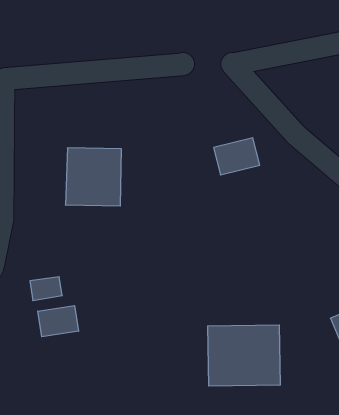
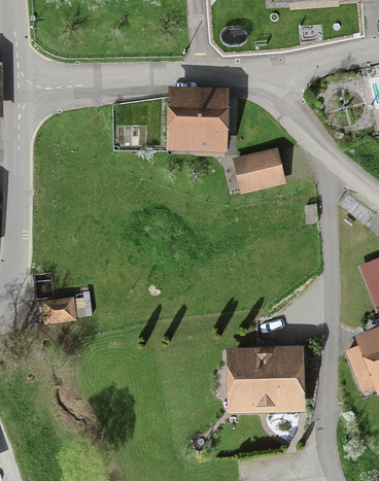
building: [65,148,121,206] -> [168,88,227,148]
building: [38,306,79,337] -> none

